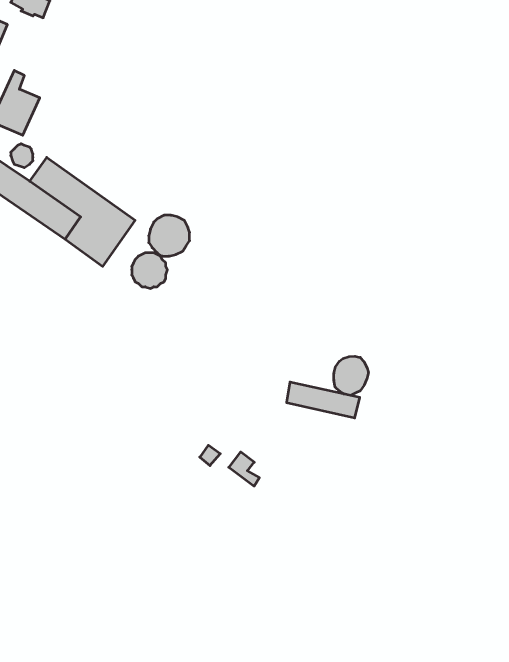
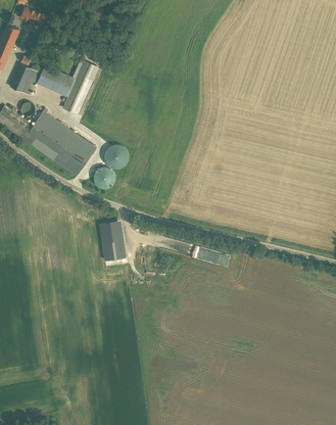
building: none -> [37,58,99,114]
building: none -> [99,220,127,259]
building: [334,356,368,395] -> none

